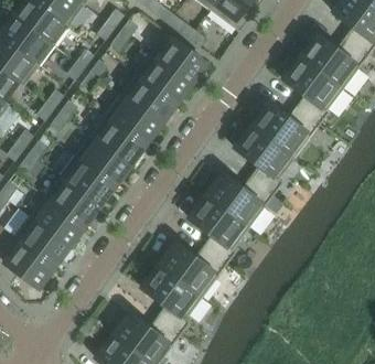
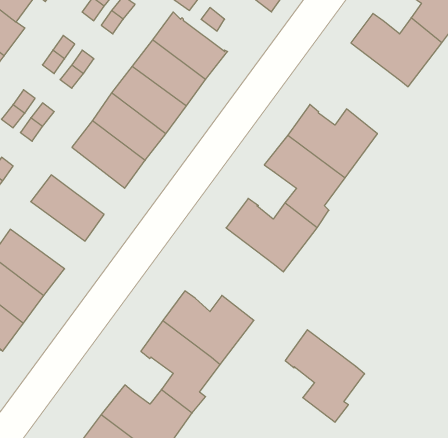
building: [285,55,344,124] -> none
building: [76,133,131,184] -> none
building: [45,174,101,225] -> none
building: [191,194,250,264] -> [285,330,365,422]

